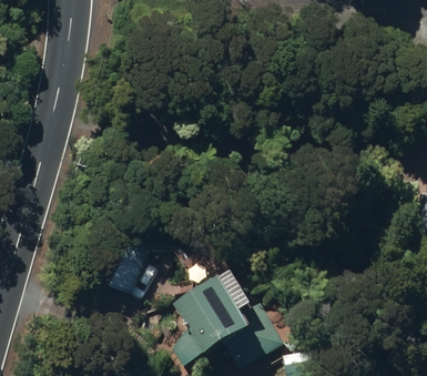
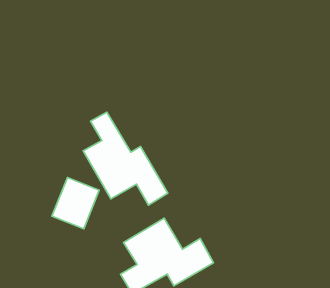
building: none -> [83,112,168,205]

